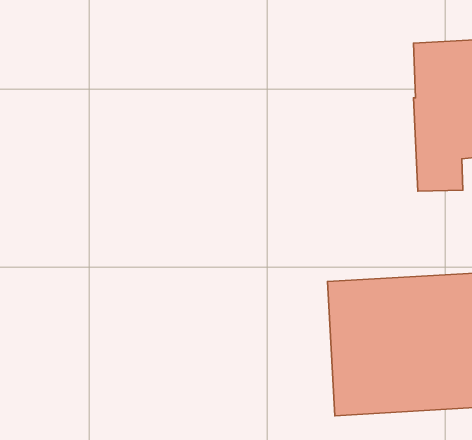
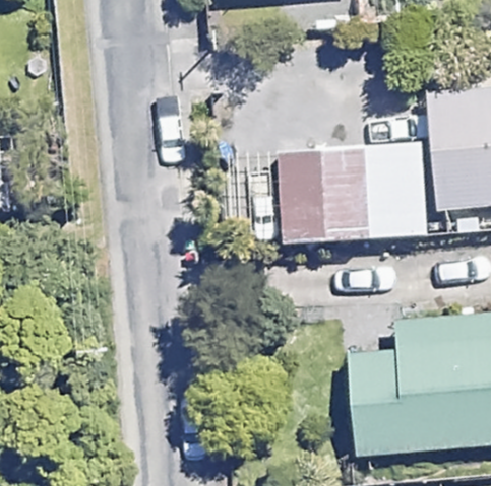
building: none -> [278,145,435,241]

